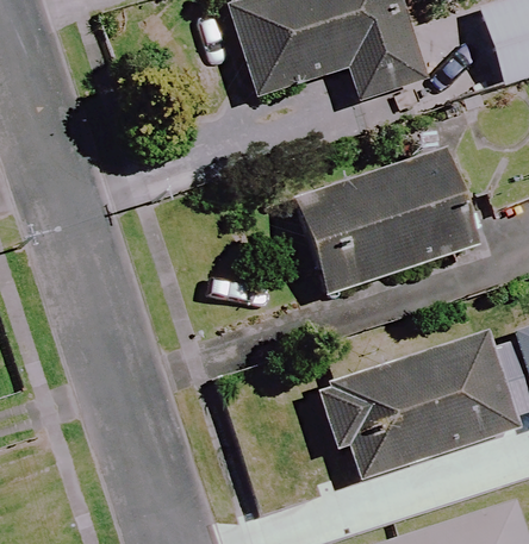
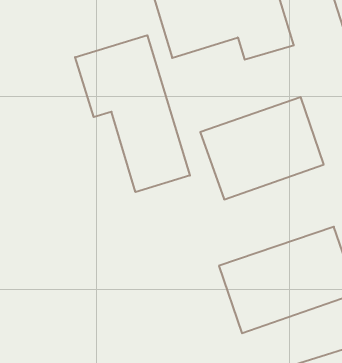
building: none -> [75,35,190,192]

